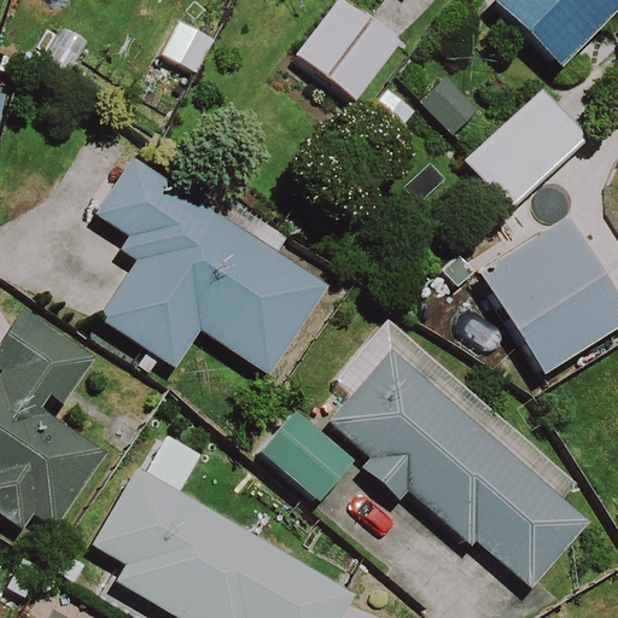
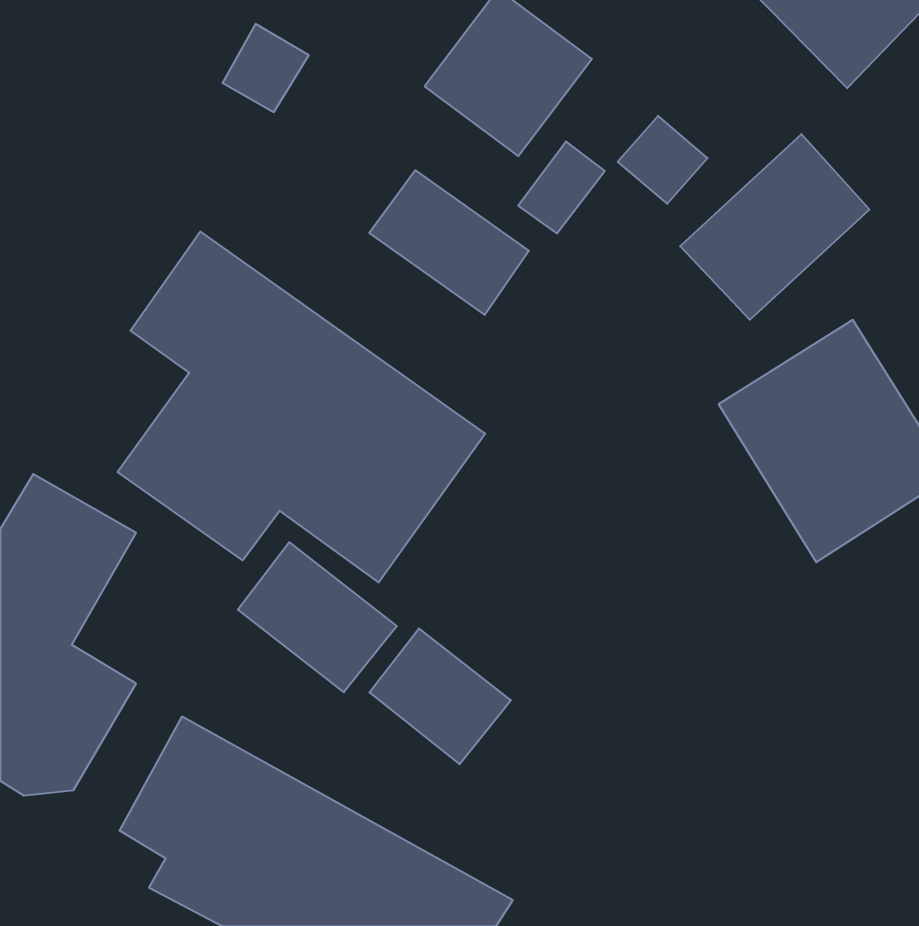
building: none -> [369,170,529,315]
building: [325,350,584,595] -> none
building: none -> [238,542,397,692]

